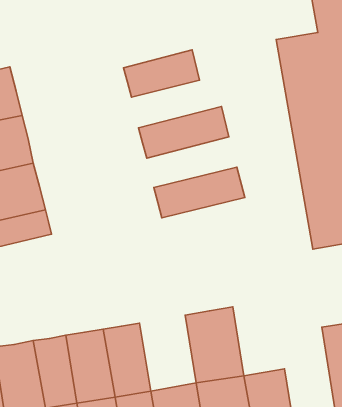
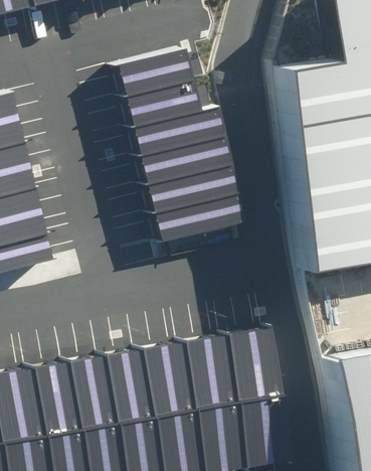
building: none -> [116,47,191,94]
building: none -> [131,103,220,153]
building: none -> [146,162,235,212]
building: none -> [231,325,283,400]
building: none -> [139,339,195,415]

